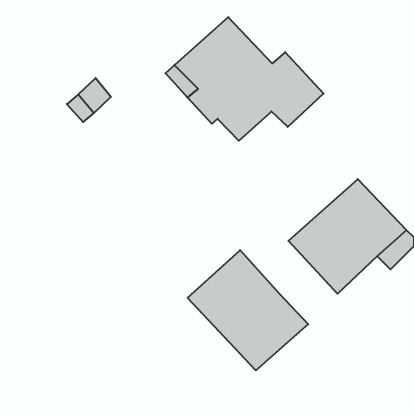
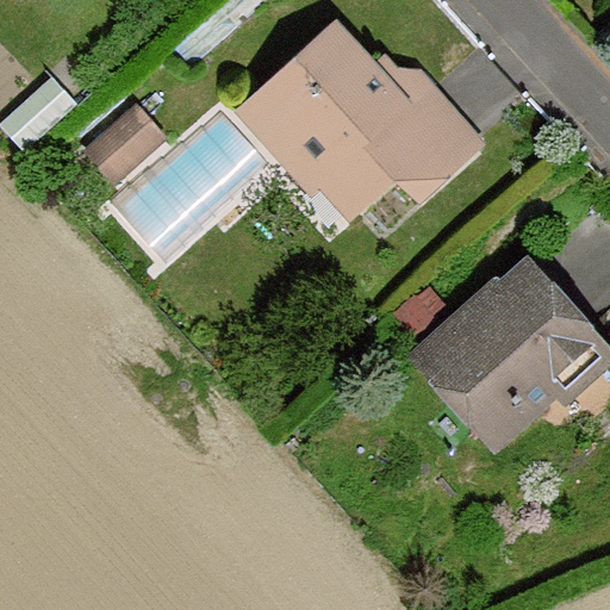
building: [188,250,308,370] -> none

